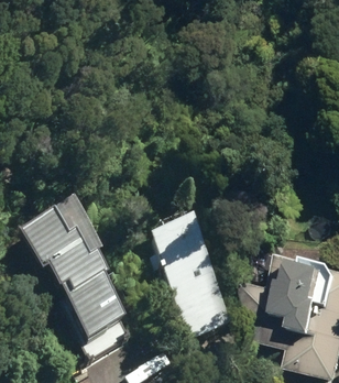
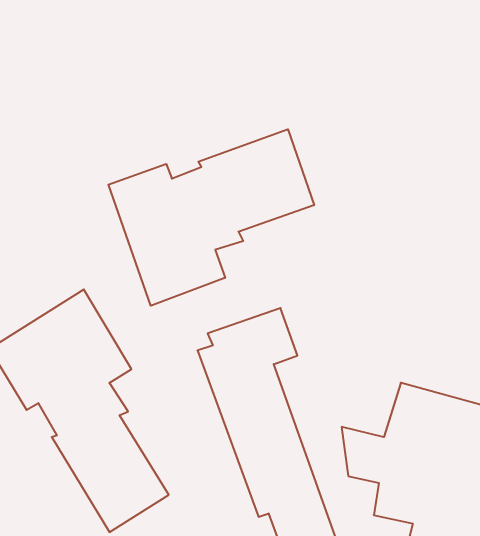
building: none -> [108,129,314,306]

